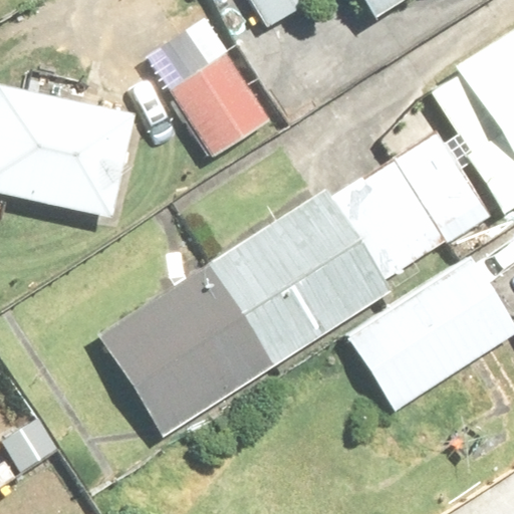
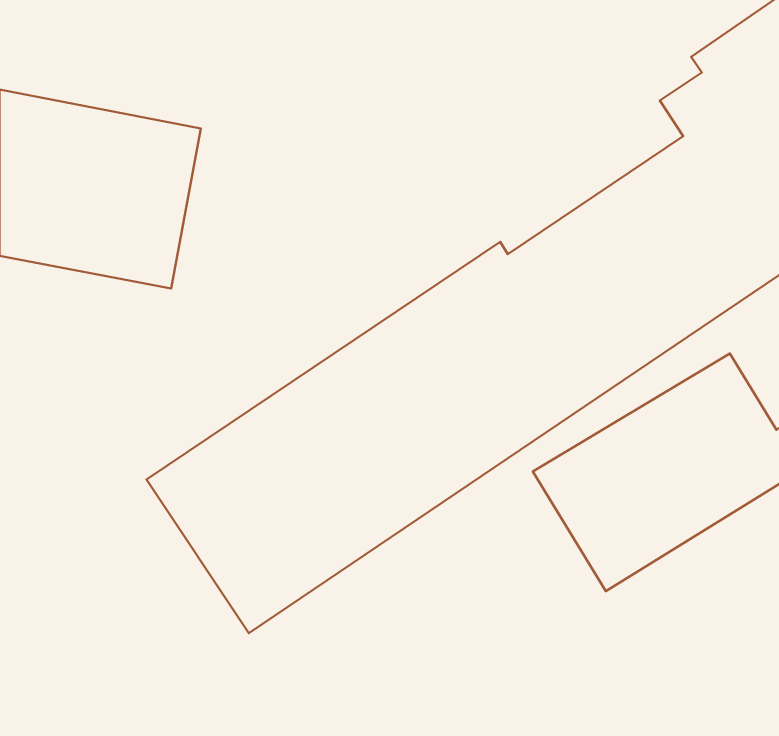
building: [167,48,272,159] -> none

